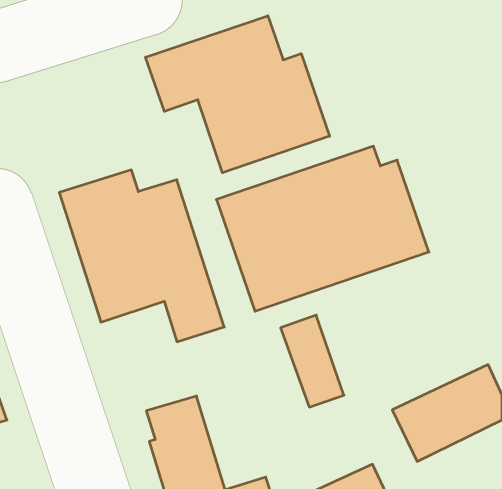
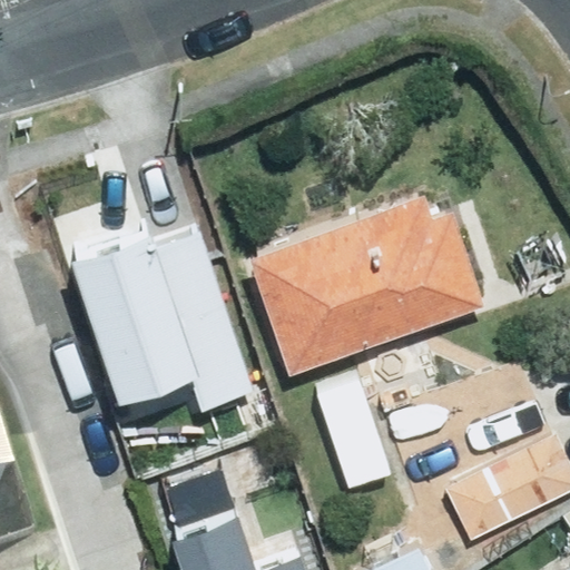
building: [146,16,330,173] -> none

